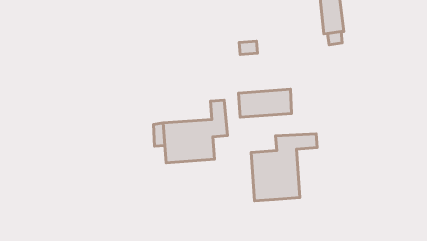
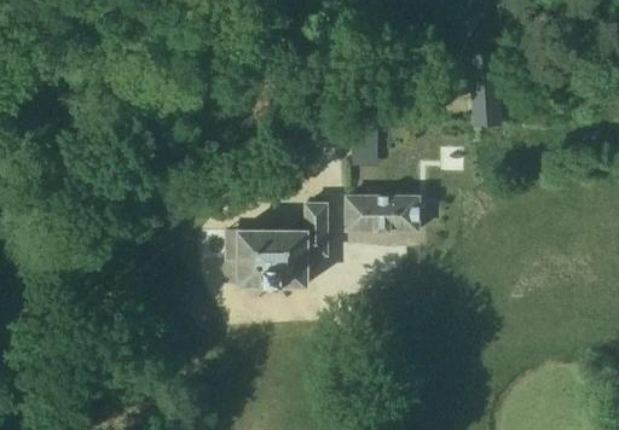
building: [251,134,317,201] -> none

